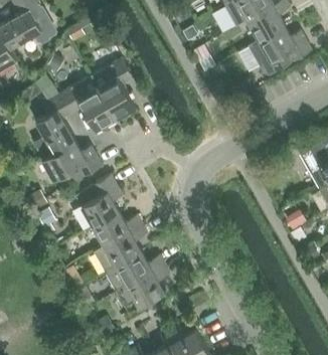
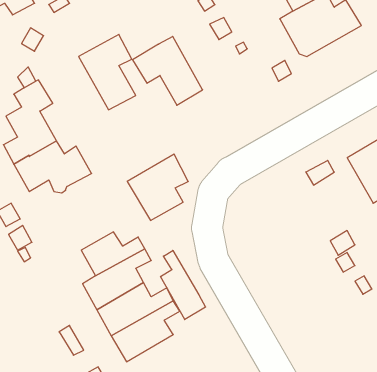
building: [60,76,115,130] -> [133,36,203,105]
building: [75,175,123,226] -> [127,154,188,220]
building: none -> [161,250,206,320]

